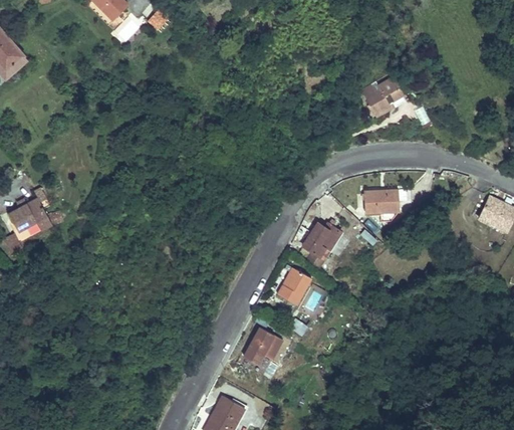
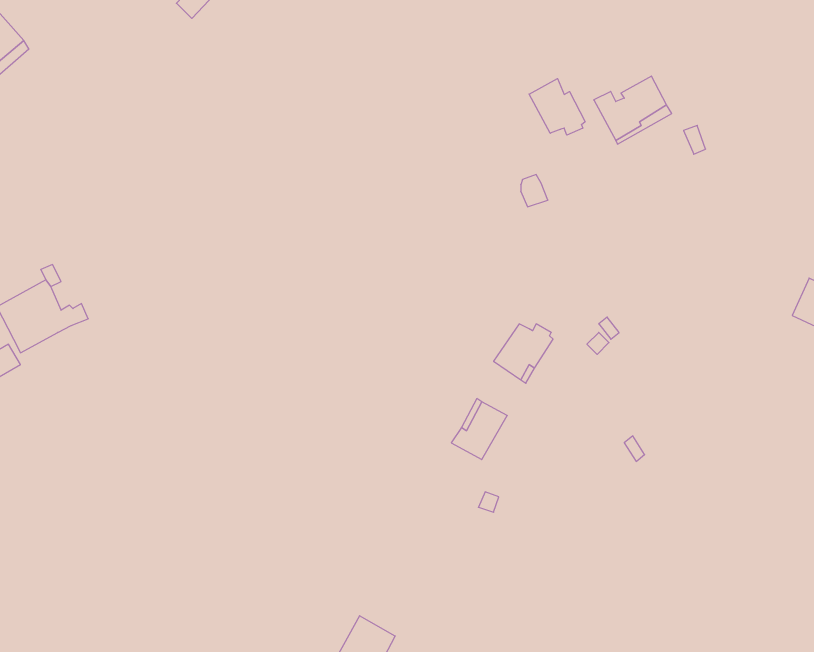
building: none -> [529,79,585,135]
building: [363,189,400,212] -> none
building: [240,324,282,368] -> none

